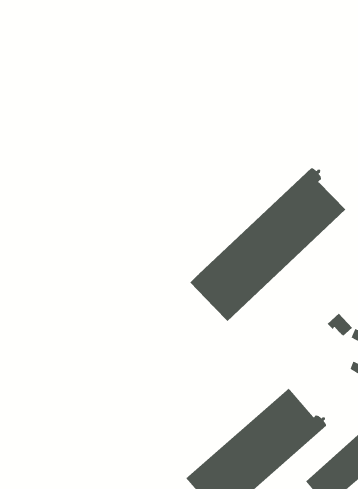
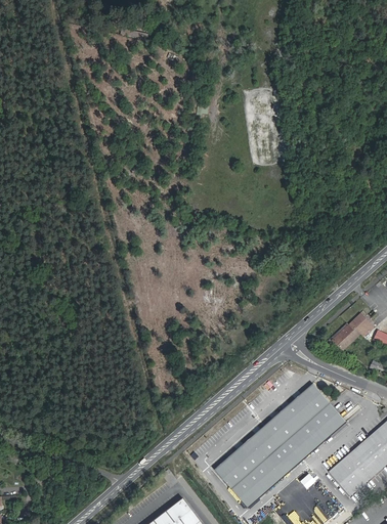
building: [189,168,346,322] -> none
building: none -> [329,321,360,351]

